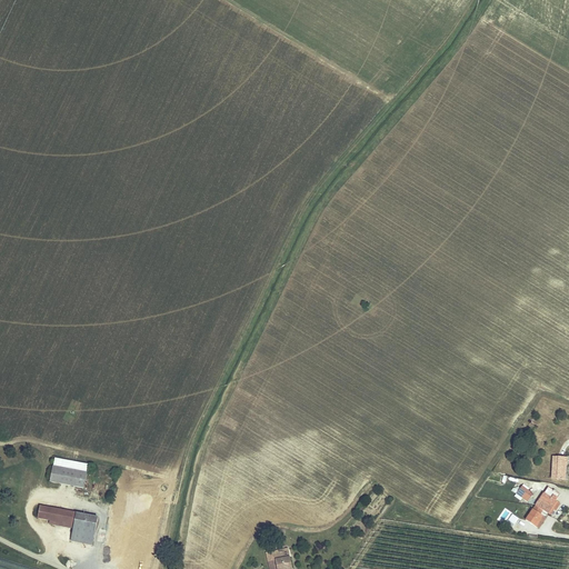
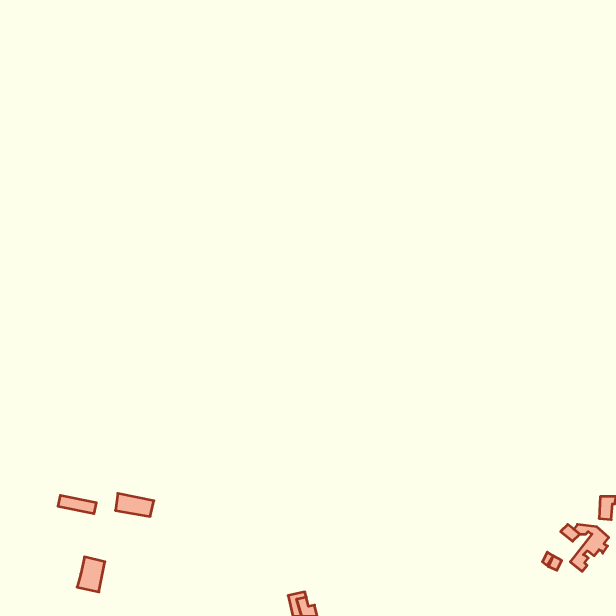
building: [51,467,87,488] -> [115,493,154,516]
building: [38,507,78,529] -> none

